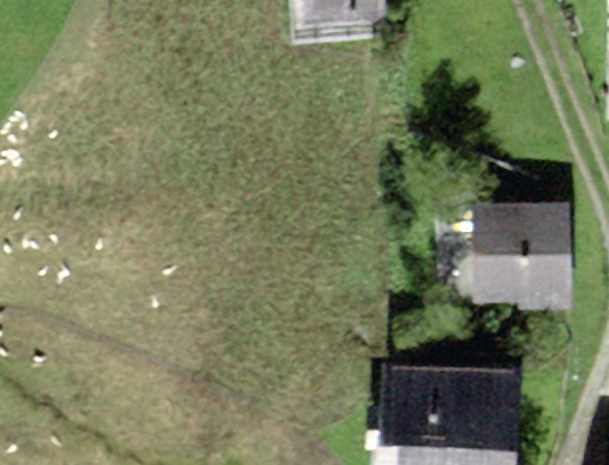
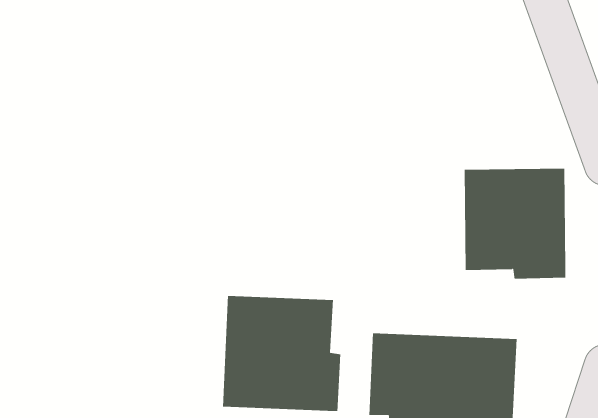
building: none -> [223,295,341,412]

